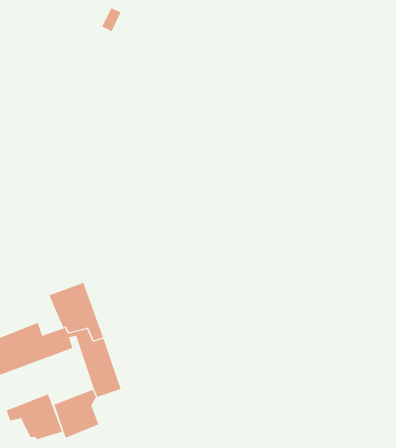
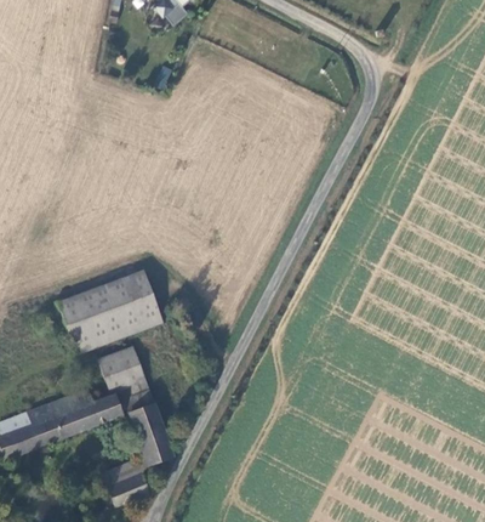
building: none -> [59,271,162,348]
building: [6,394,63,440] -> none

